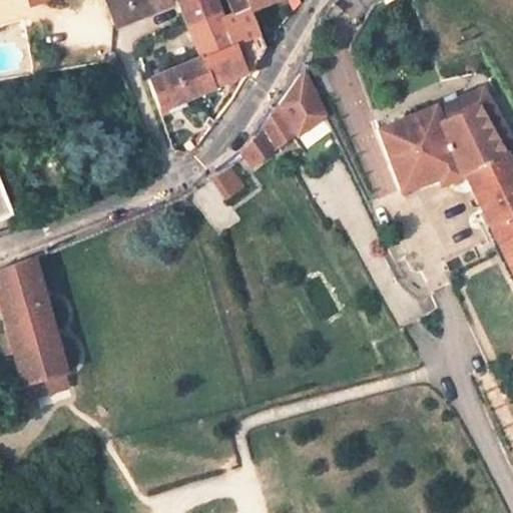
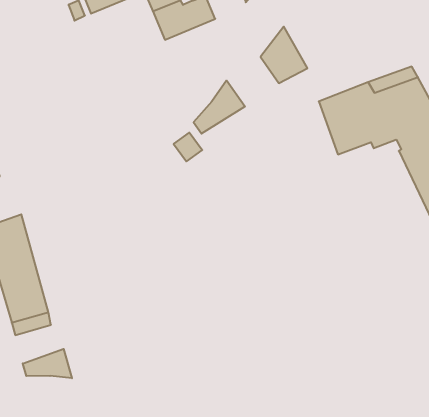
building: [149,33,267,109] -> none
building: [274,69,328,134] -> [261,27,307,83]
building: none -> [23,349,72,378]

